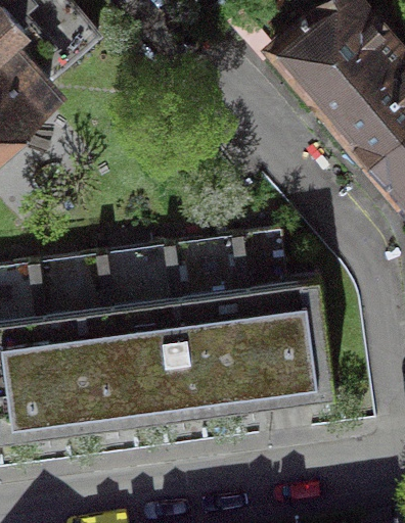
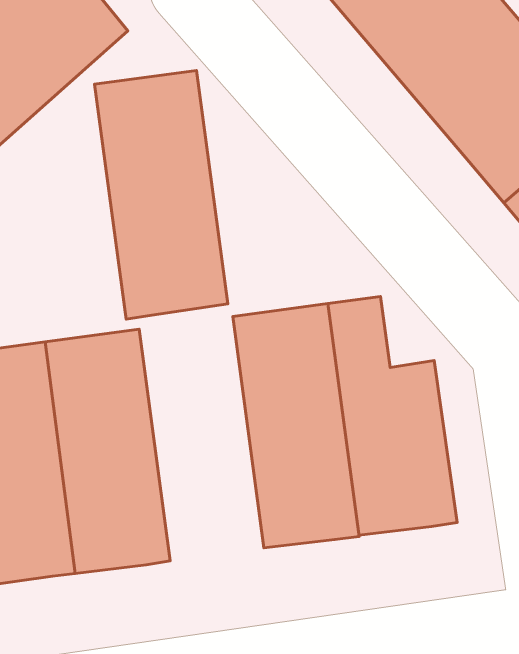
building: none -> [94,71,228,319]
building: [106,244,196,420] -> none

